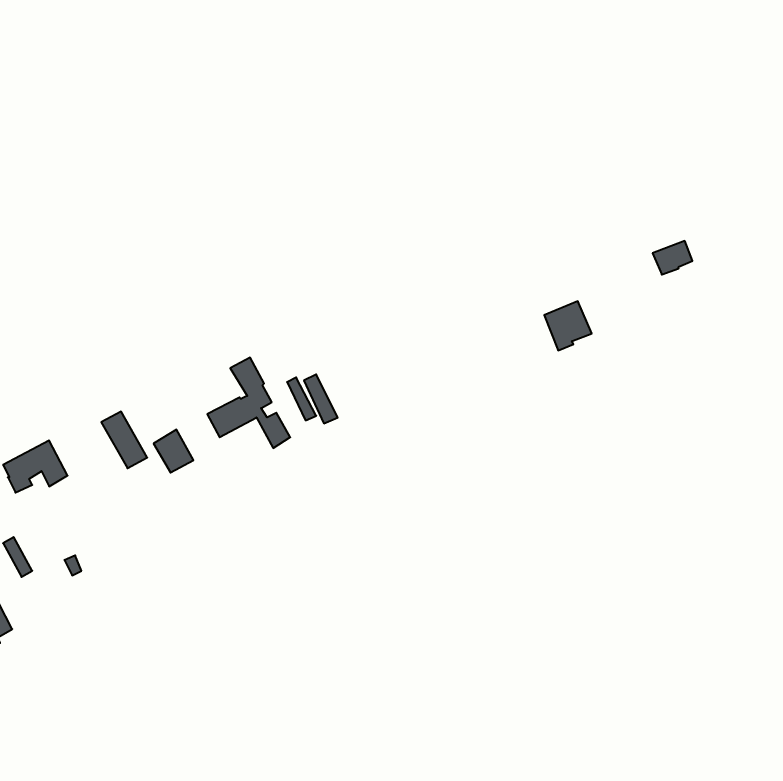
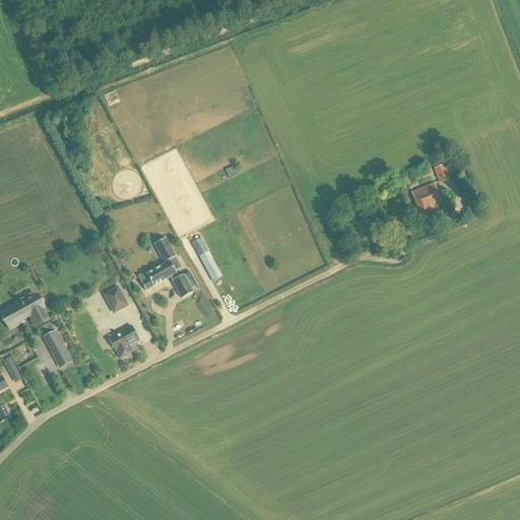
building: [544,301,592,350] -> [410,182,442,214]
building: [101,412,147,468] -> [42,329,72,367]
building: none -> [108,325,137,358]

